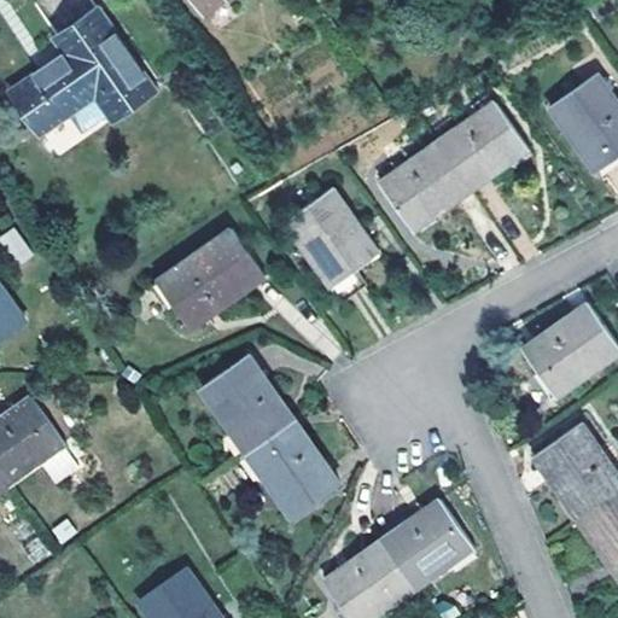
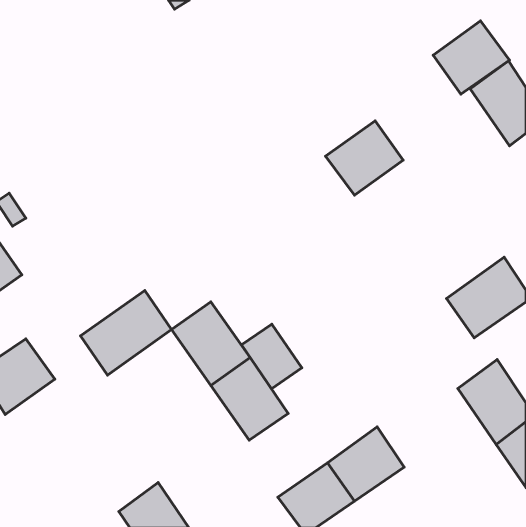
building: [11,10,152,133] -> none
building: [438,103,527,188] -> [433,21,510,94]
building: [285,188,378,287] -> none
building: [157,228,263,327] -> [81,290,172,375]
building: none -> [241,324,302,389]

